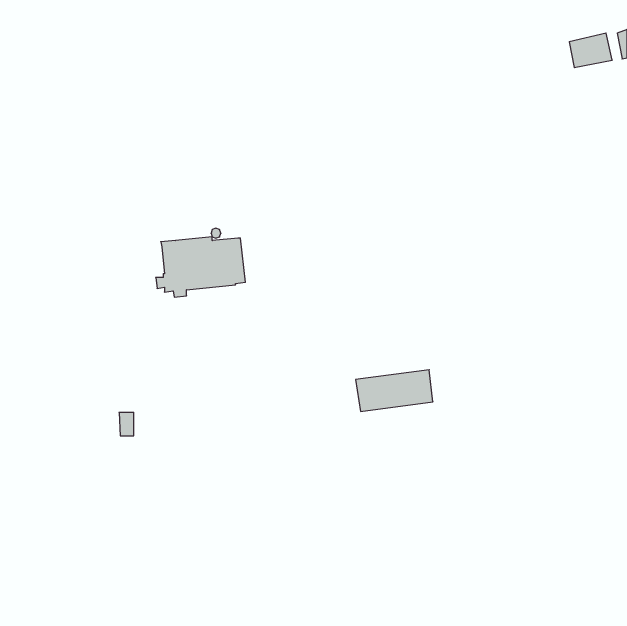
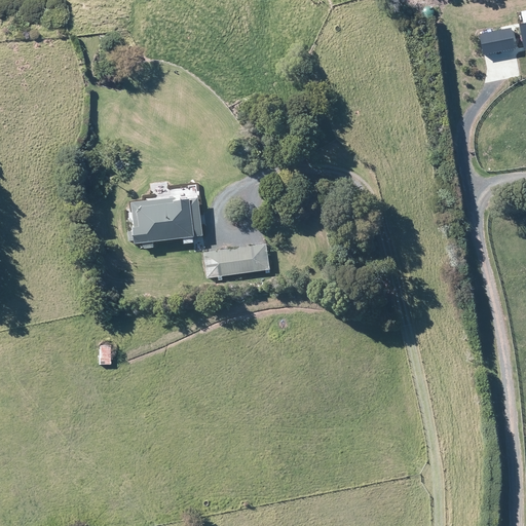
building: [356,370,433,411] -> [205,242,270,277]

